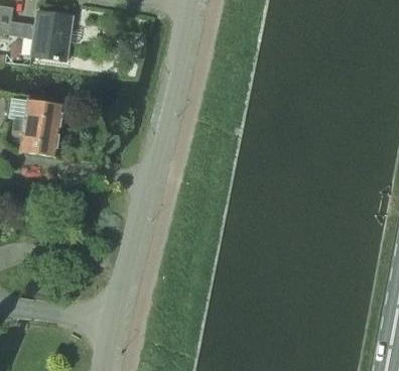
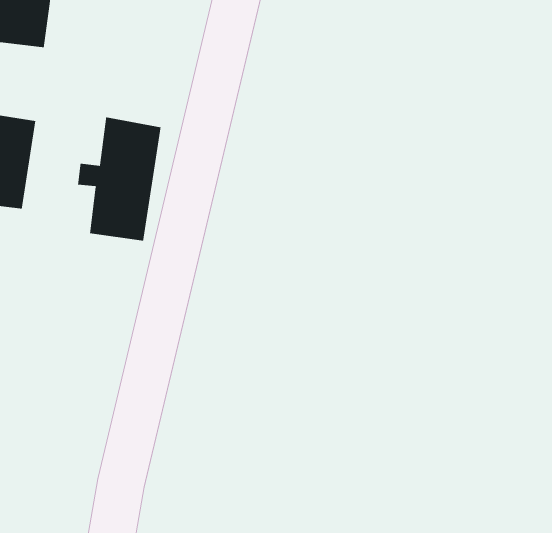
building: none -> [77,116,161,242]

